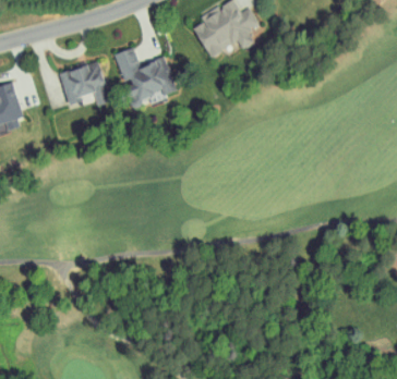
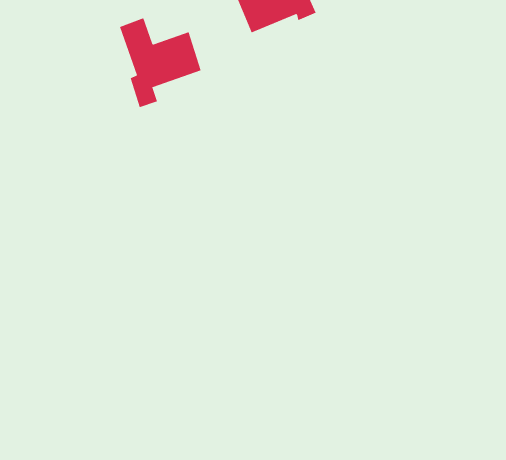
building: [55,63,98,105] -> none

